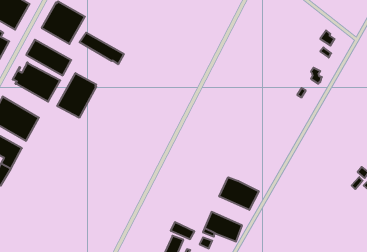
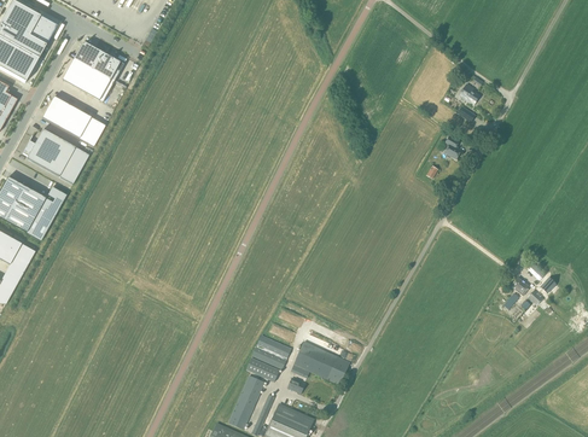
building: [80,33,124,64] -> none
building: [57,73,96,118] -> none
building: [219,177,259,210] -> none
building: none -> [252,333,292,368]

